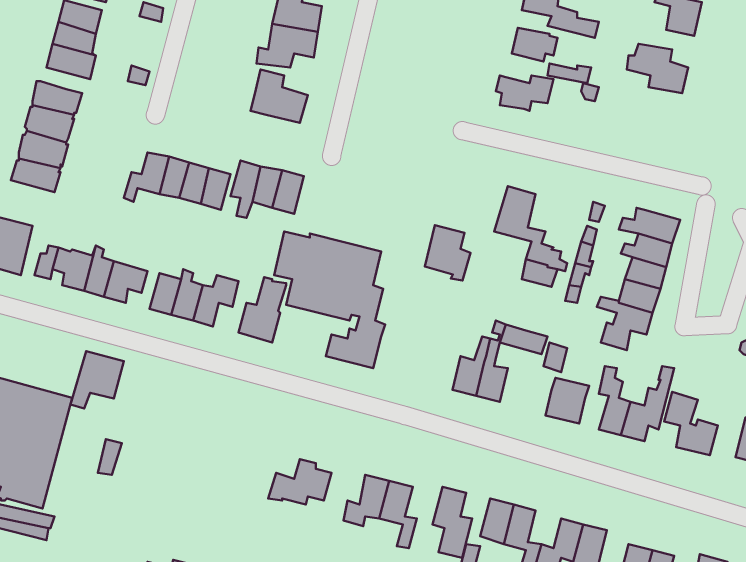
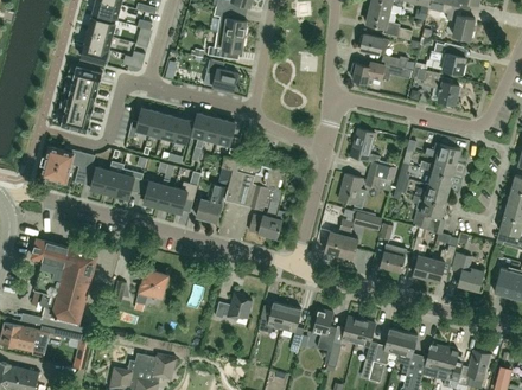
building: none -> [416,69,459,104]
building: [425,225,471,280] -> [339,174,367,207]
building: [70,351,124,408] -> [136,269,168,303]

